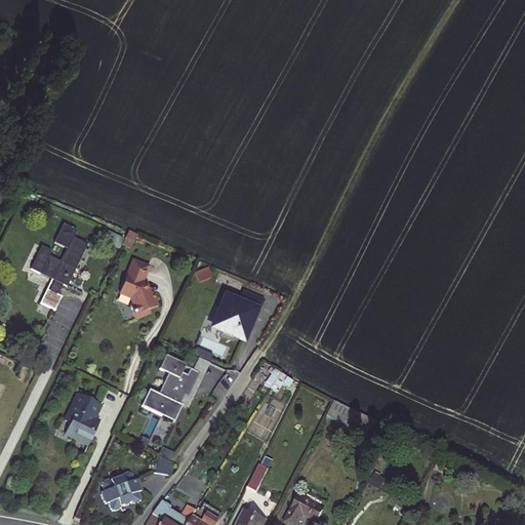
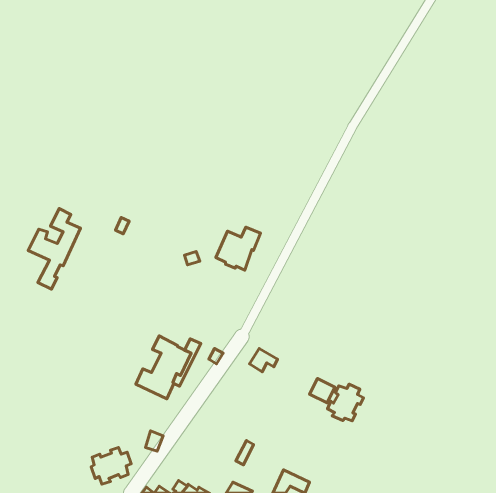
building: [118,259,158,317] -> none
building: [214,292,261,337] -> [216,227,260,270]
building: [62,395,96,446] -> none
building: none -> [327,384,364,421]

